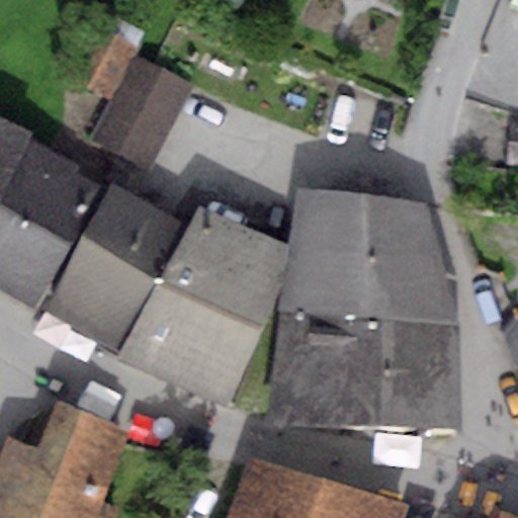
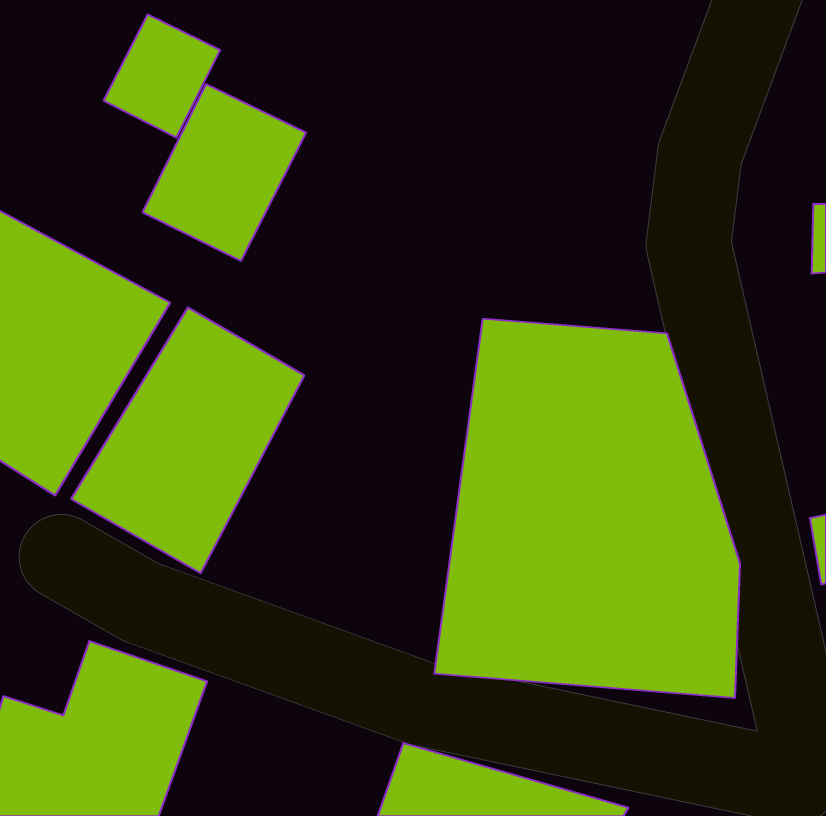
building: [125,212,288,399] -> none

